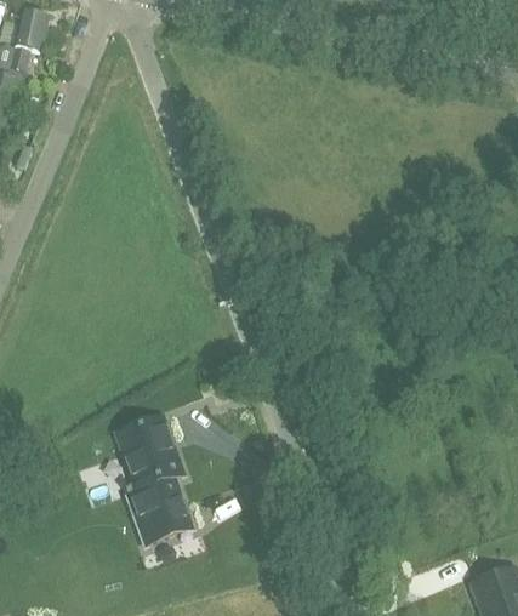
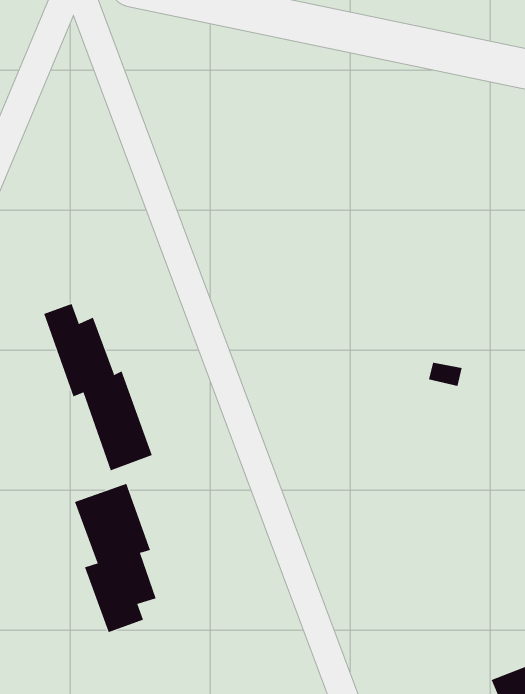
building: none -> [43,303,152,471]

